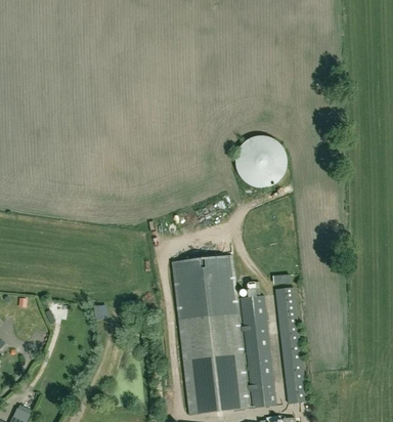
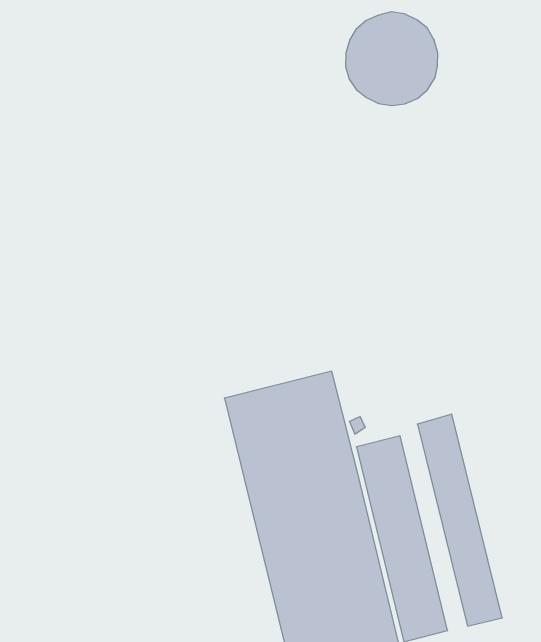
building: [236,138,288,189] -> [346,12,438,106]

